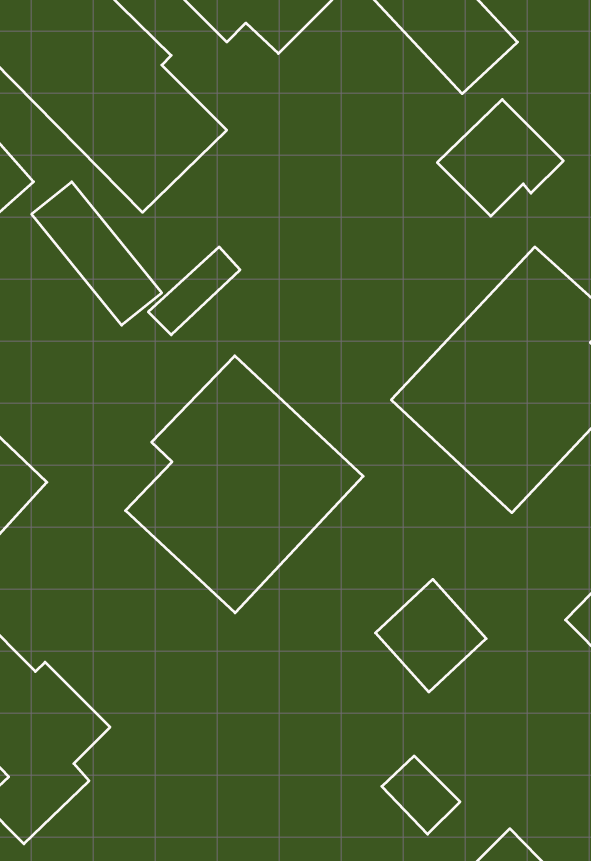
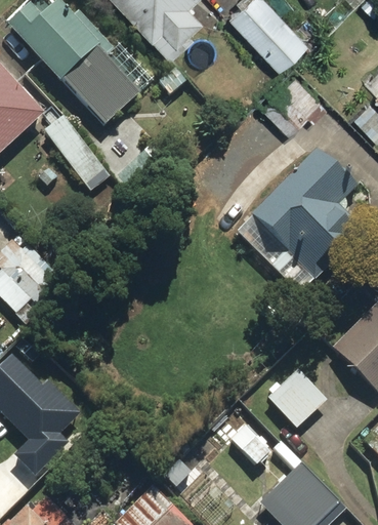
building: [125,356,363,613] -> none
building: [375,579,486,692] -> [266,369,326,430]

